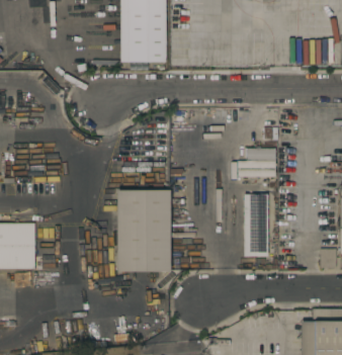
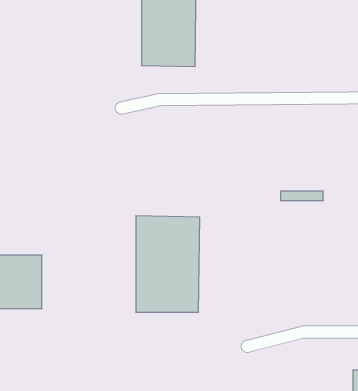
building: [240,149,277,168] -> none
building: [245,194,269,256] -> none

